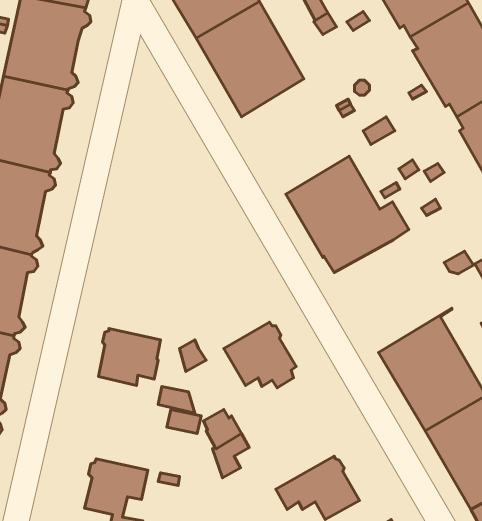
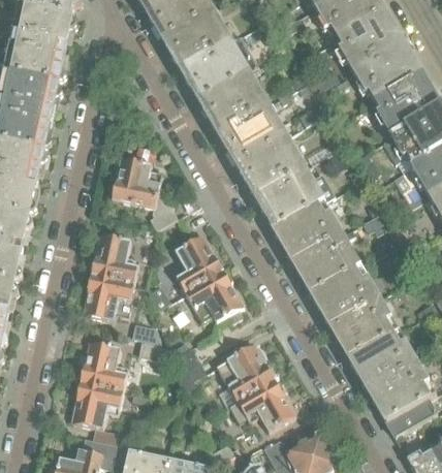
building: none -> [200,70,288,164]
building: none -> [112,156,178,228]
building: none -> [275,201,372,293]
building: none -> [91,232,140,283]
building: none -> [175,234,224,290]
building: none -> [80,340,129,389]
building: none -> [218,343,276,405]

